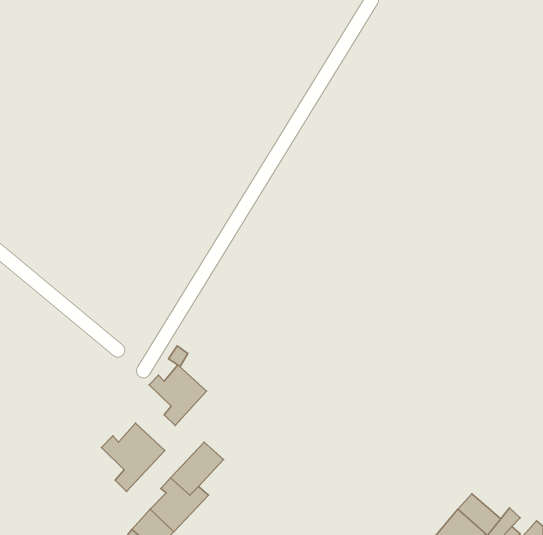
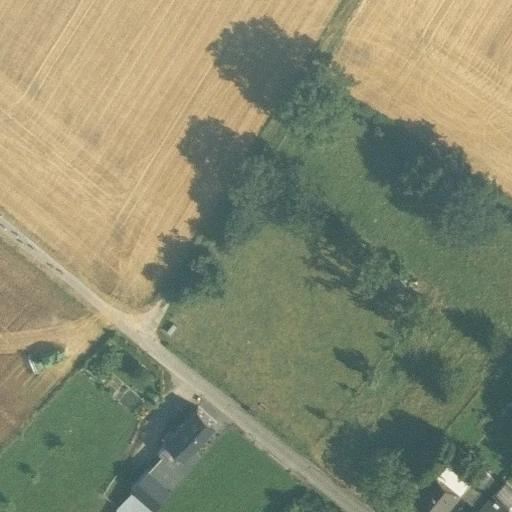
building: [149,365,207,425] -> none
building: [101,423,165,491] -> none

